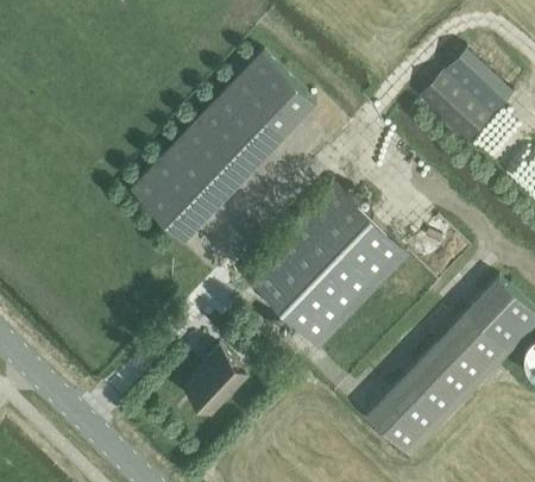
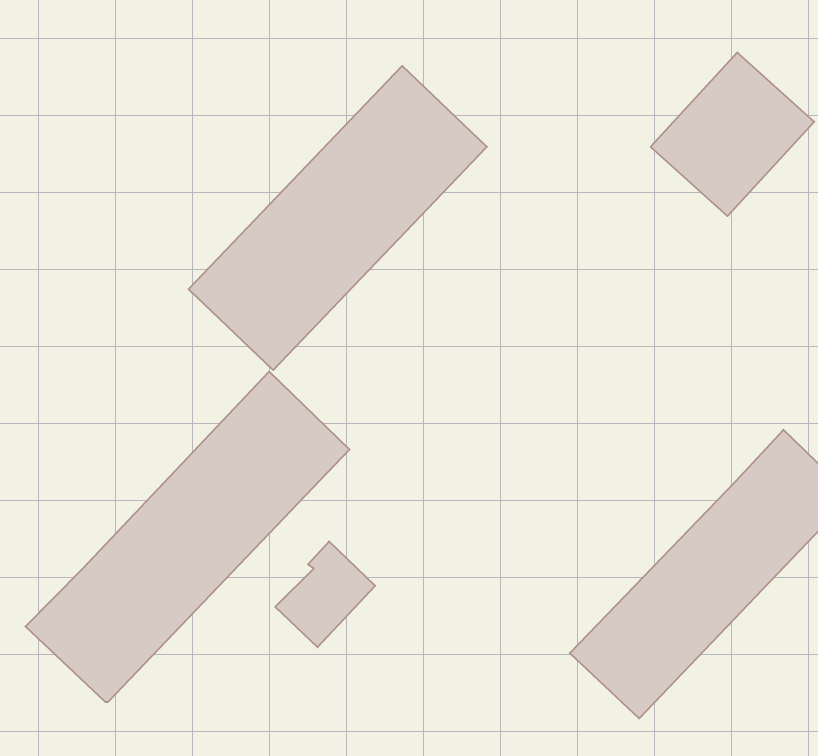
building: [245,187,405,348] -> none
building: none -> [25,372,350,702]

